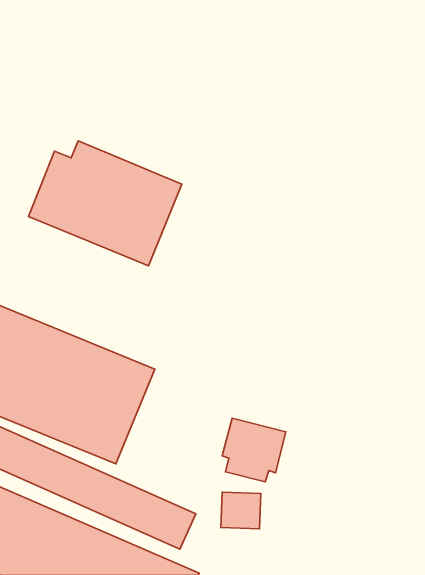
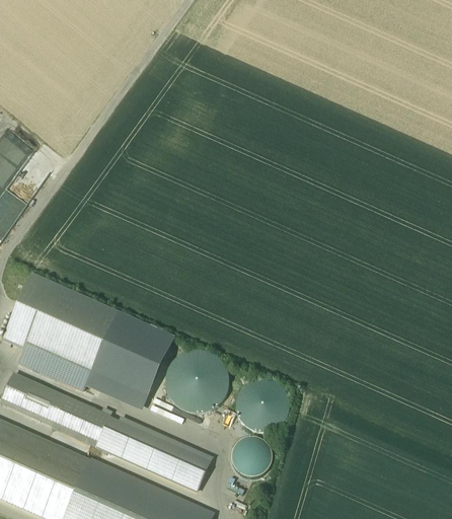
building: [29,141,182,266] -> none
building: none -> [161,346,229,414]

